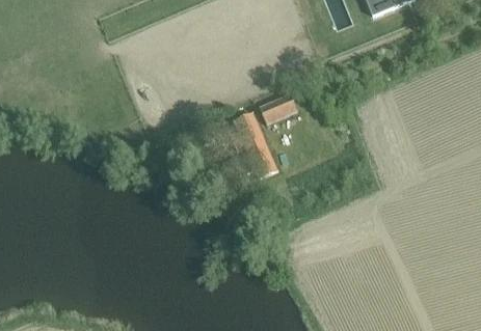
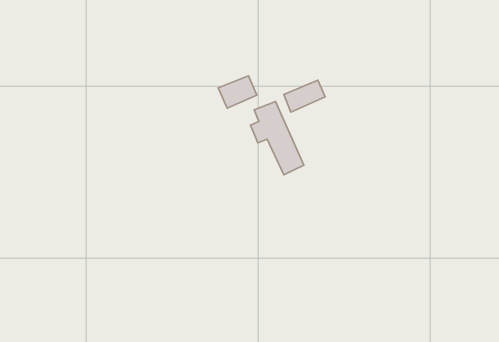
building: none -> [218,76,257,108]

